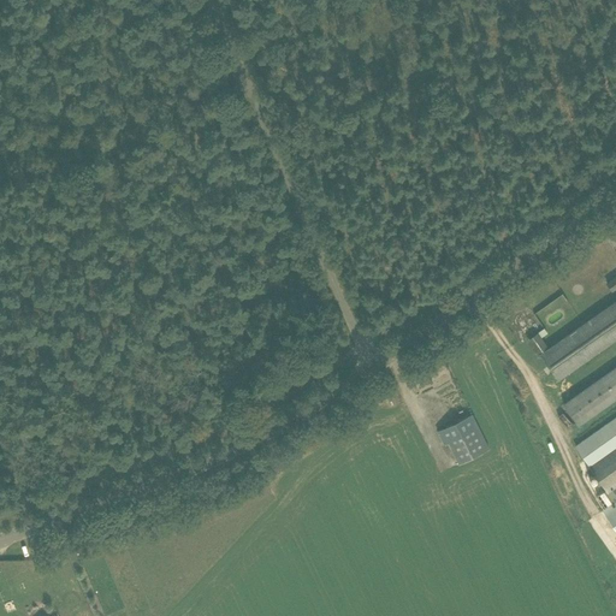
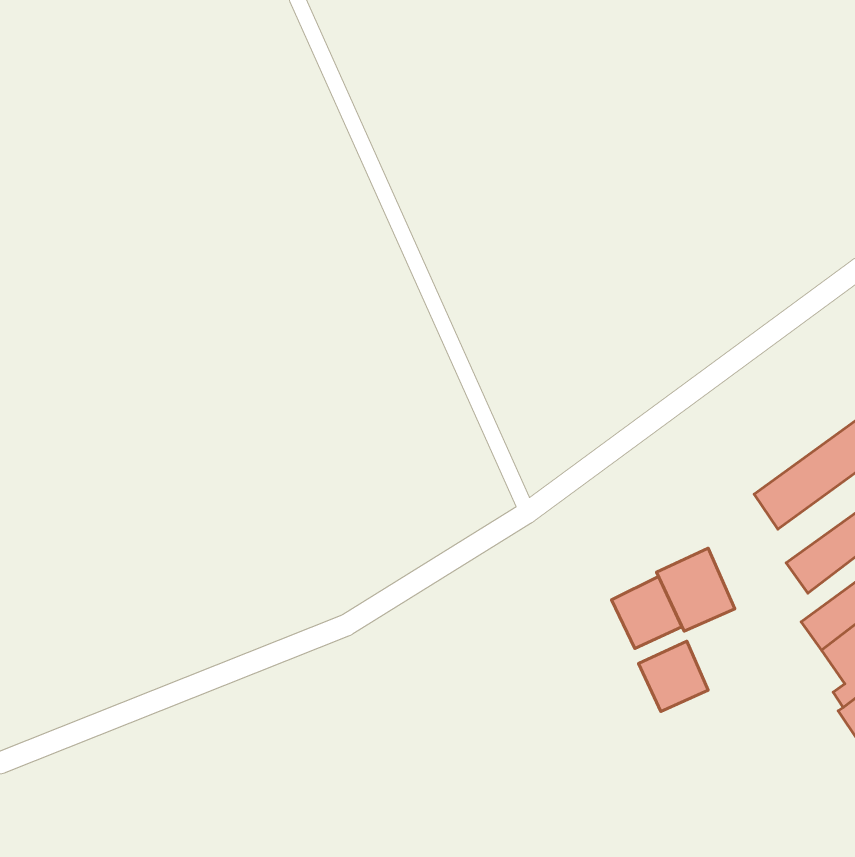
building: none -> [656,548,735,631]
building: none -> [638,641,708,711]

